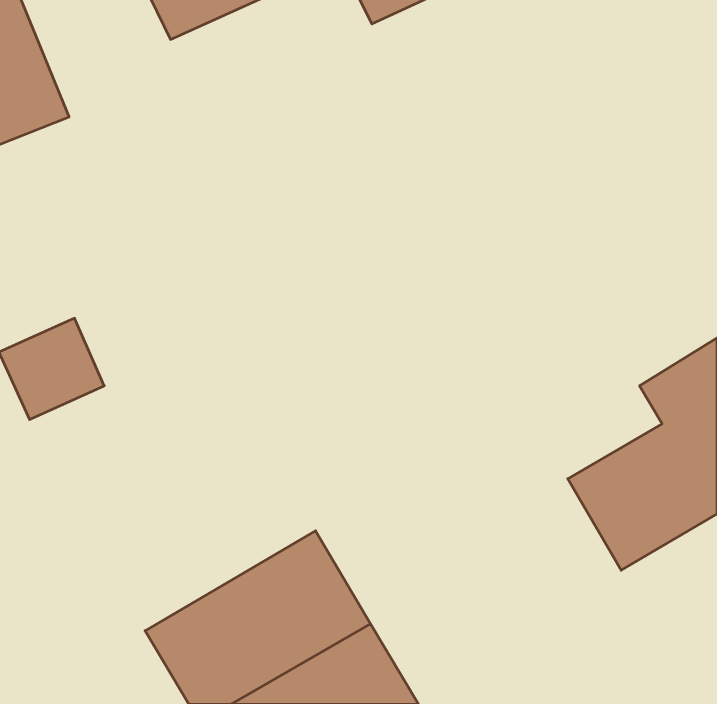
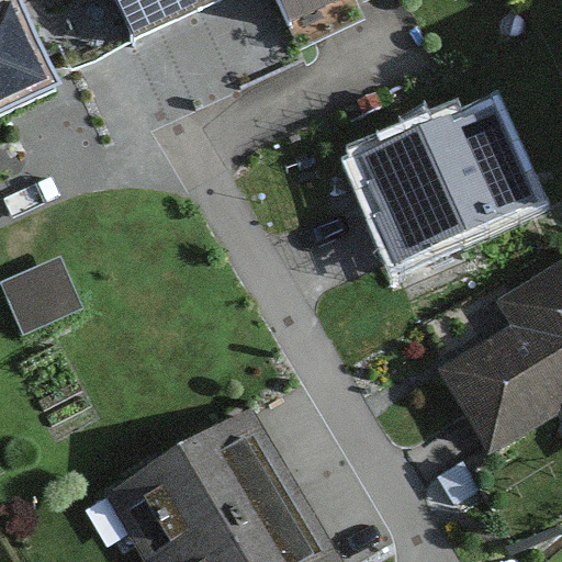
building: none -> [358,110,530,276]

